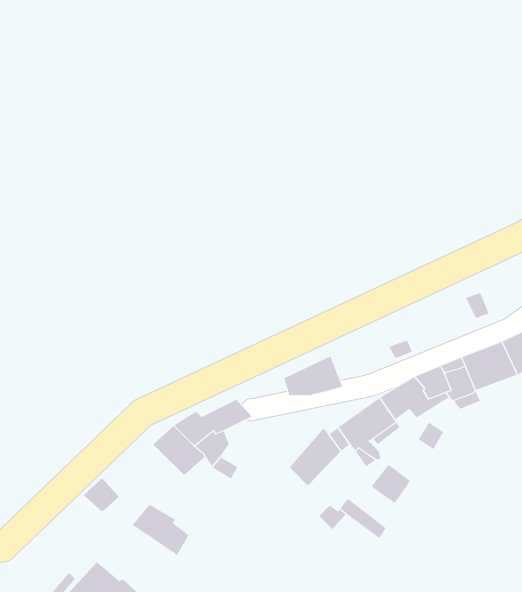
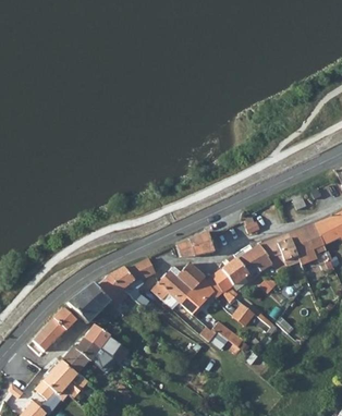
building: none -> [155,264,203,302]
building: none -> [65,283,125,322]
building: none -> [33,319,64,351]
building: none -> [61,338,109,372]

